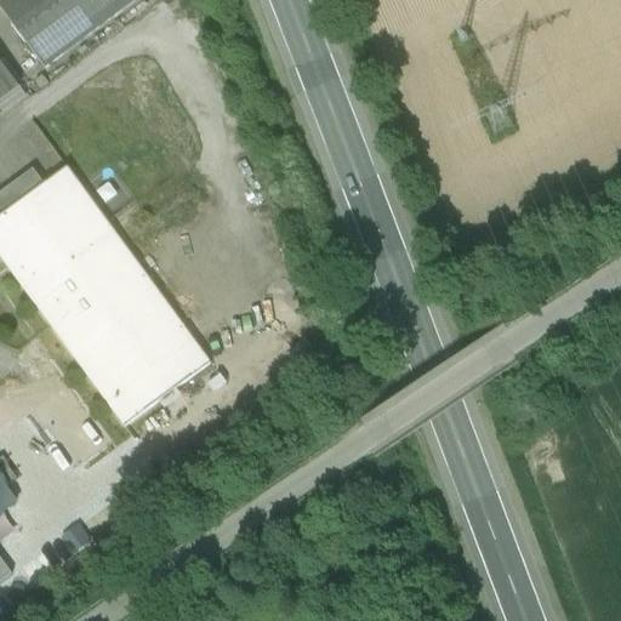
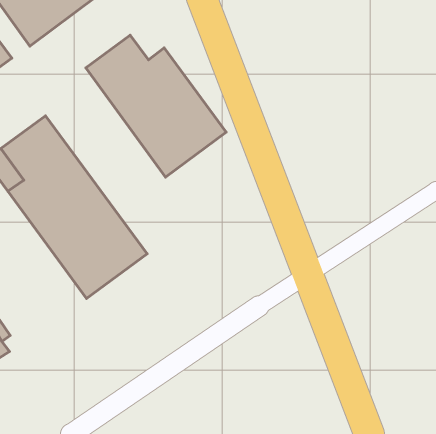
building: none -> [86,35,226,177]

